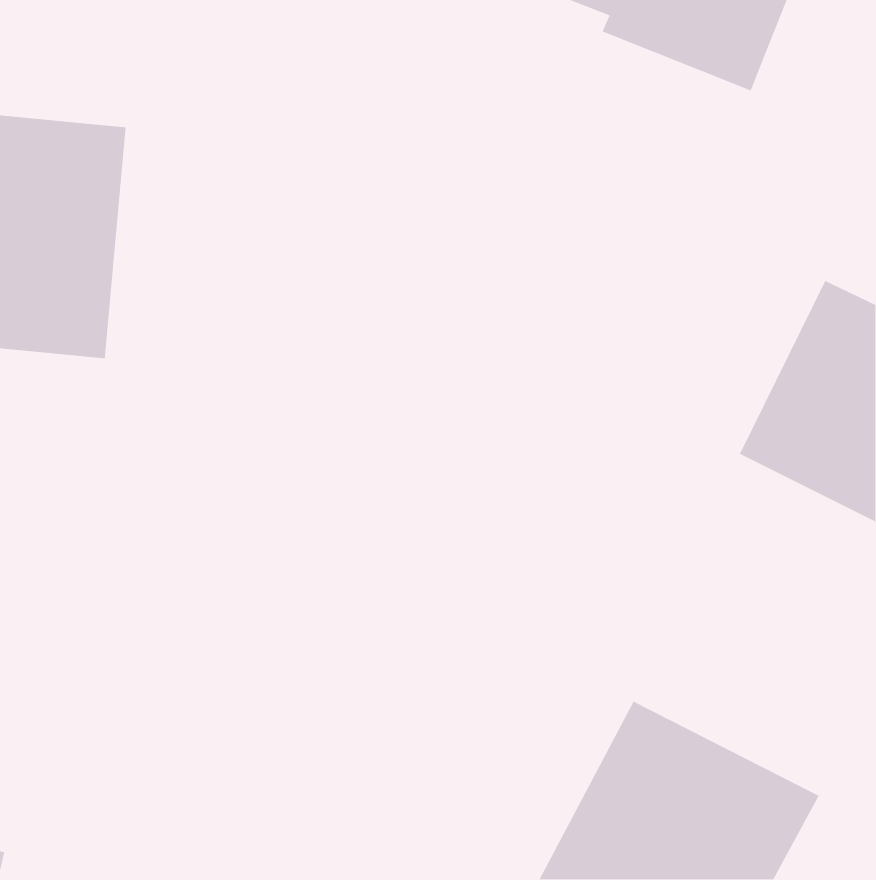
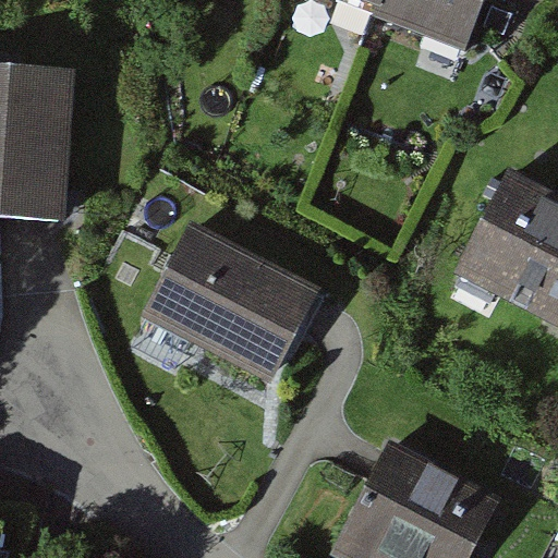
building: none -> [132,220,316,384]

